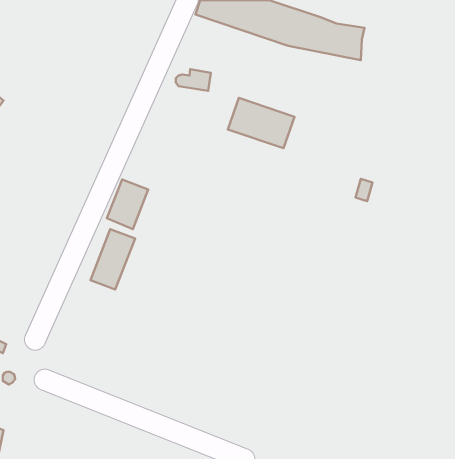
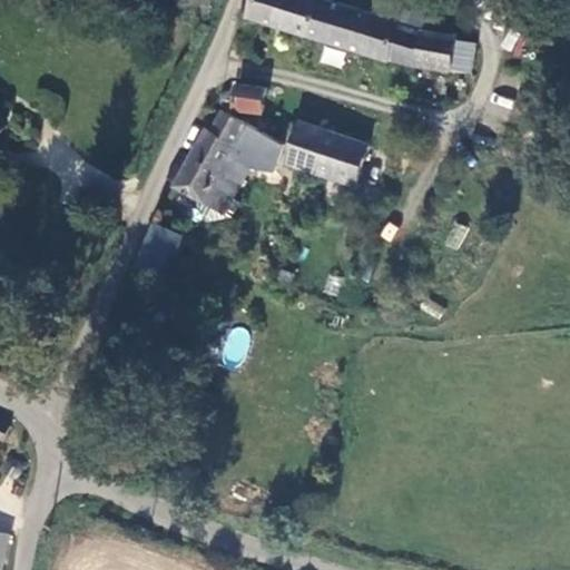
building: none -> [171,112,276,227]
building: [91,229,135,290] -> none

